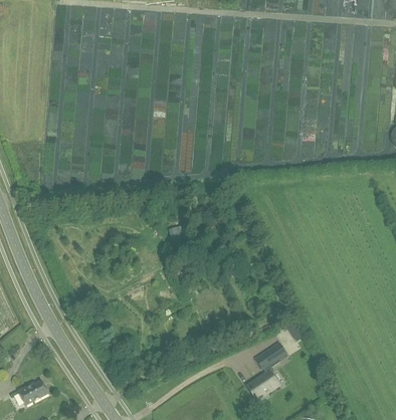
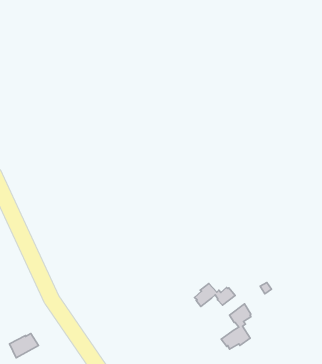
building: none -> [195,283,235,307]

